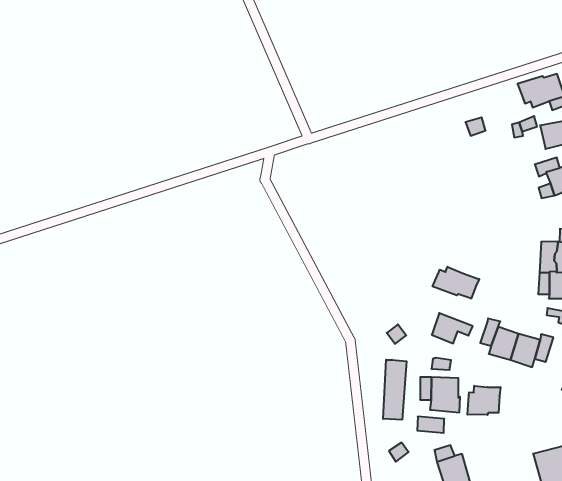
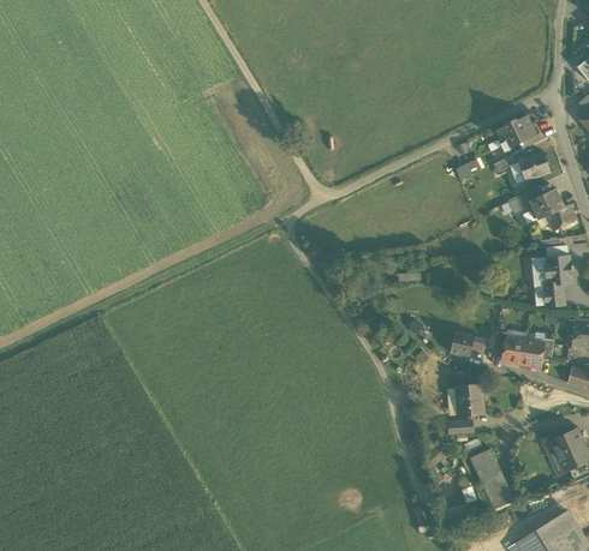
building: [433,267,479,299] -> none
building: [383,360,407,420] -> none
building: [467,386,500,415] -> none

